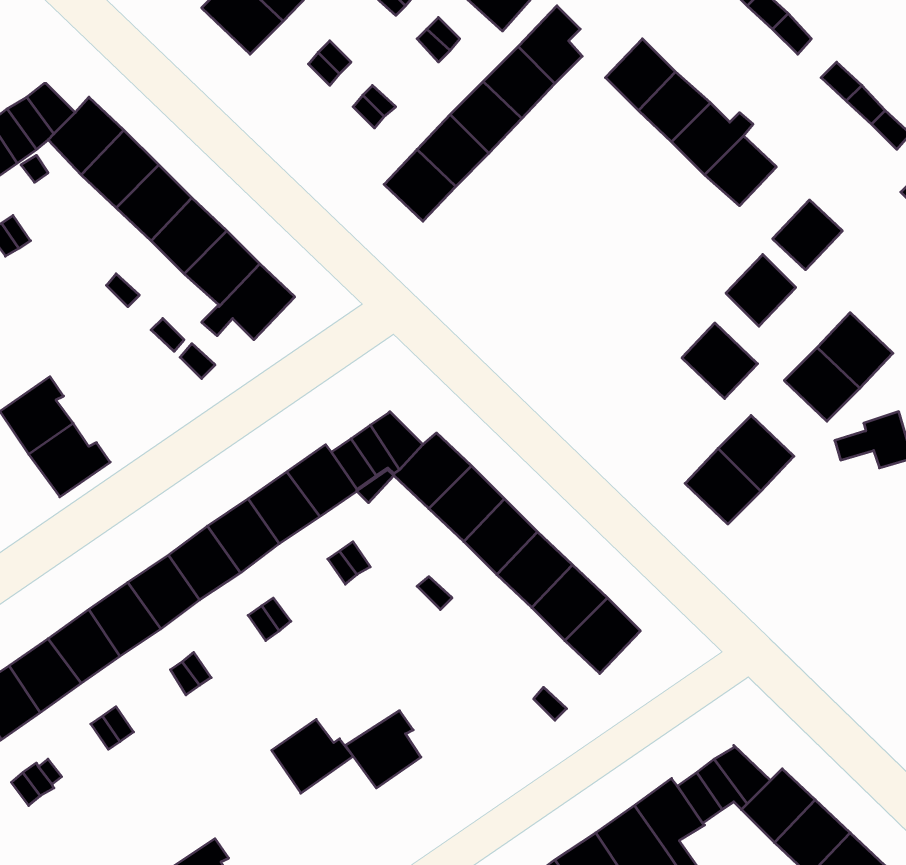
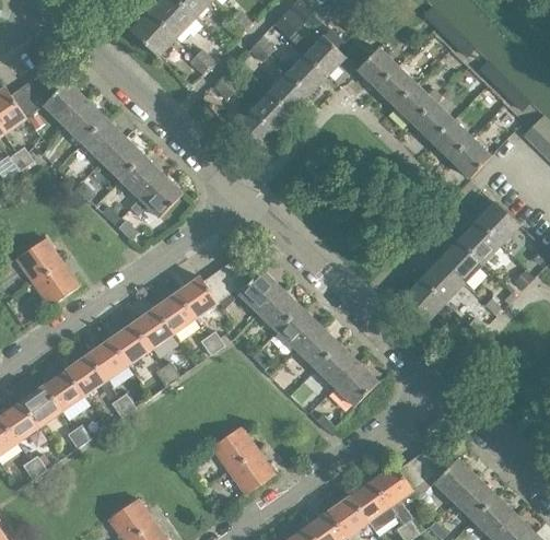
building: [726,254,796,326] -> [432,120,471,161]
building: [682,323,758,399] -> [438,240,481,283]
building: [272,719,353,793] -> [227,453,273,494]

